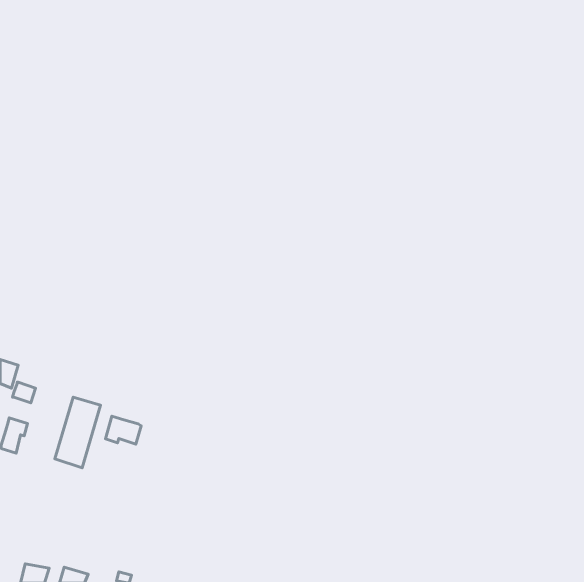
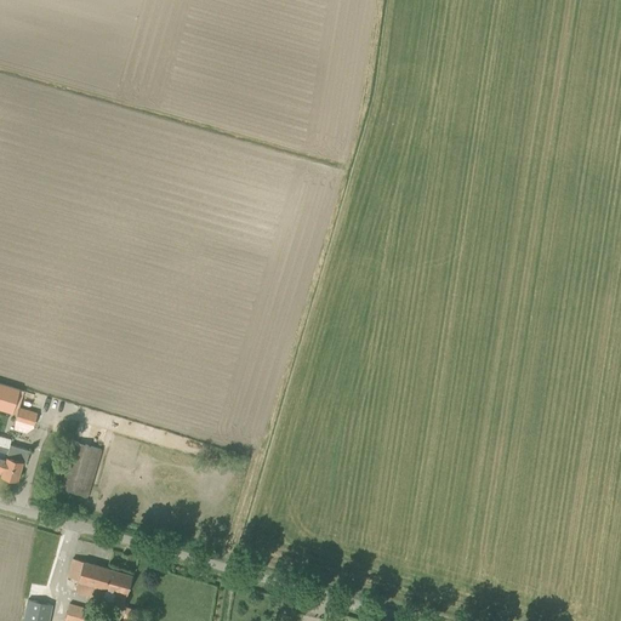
building: [106,416,141,444] -> none
building: none -> [68,559,132,606]

